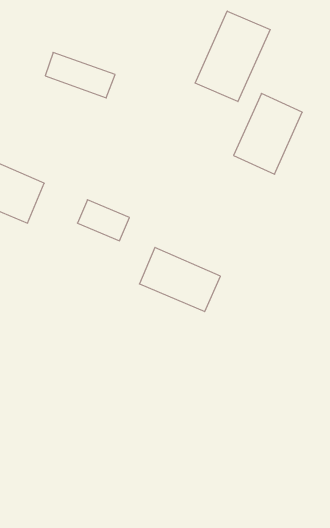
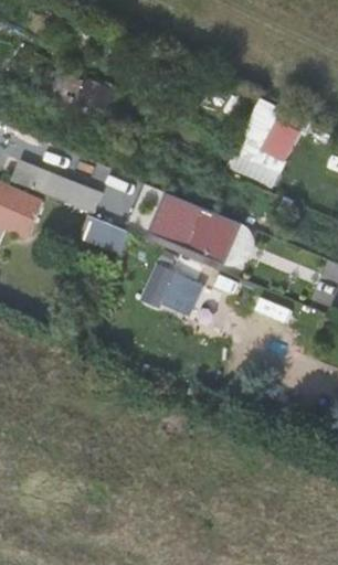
building: [195,11,270,102] -> none
building: none -> [8,157,104,214]
building: none -> [147,192,241,265]

